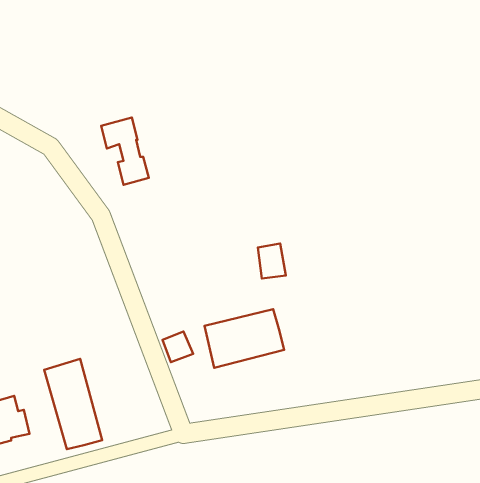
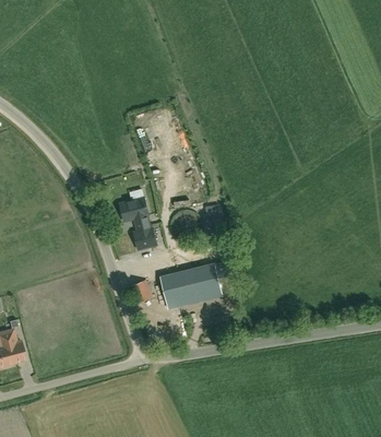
building: [101,118,149,185] -> [120,198,157,250]
building: [44,359,102,449] -> none

